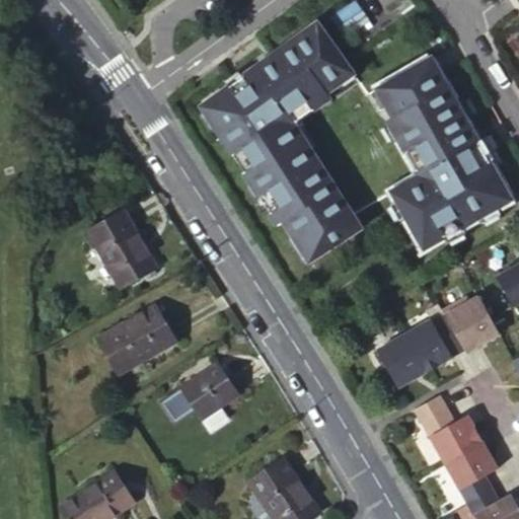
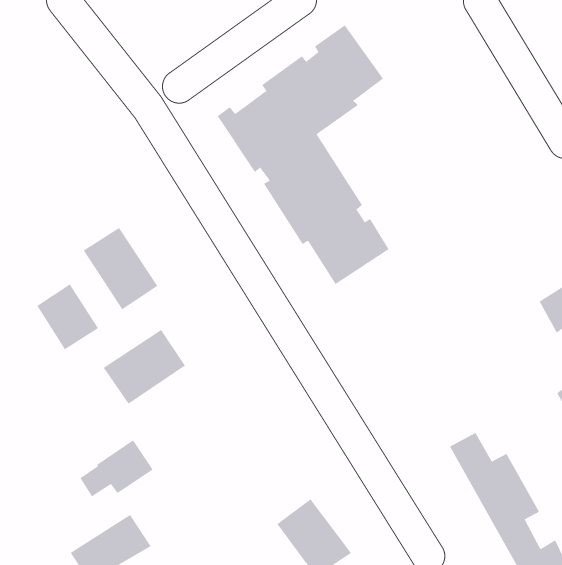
building: [379,59,509,248] -> none
building: none -> [36,284,99,350]
building: [377,300,498,387] -> none
building: [168,358,236,411] -> [79,439,154,497]

